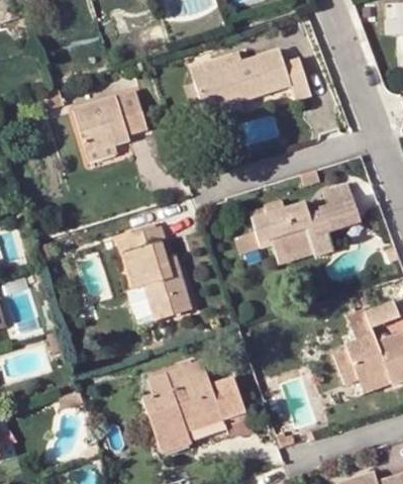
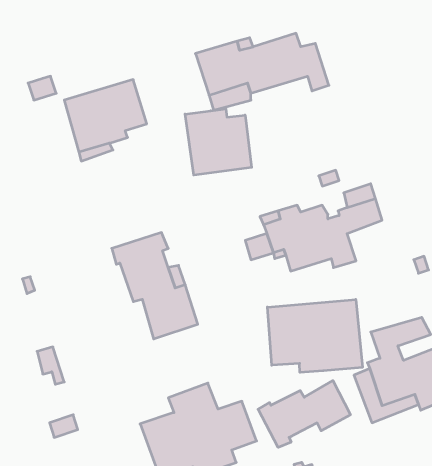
building: none -> [185,109,252,175]
building: none -> [267,299,362,372]
building: none -> [258,381,350,447]

